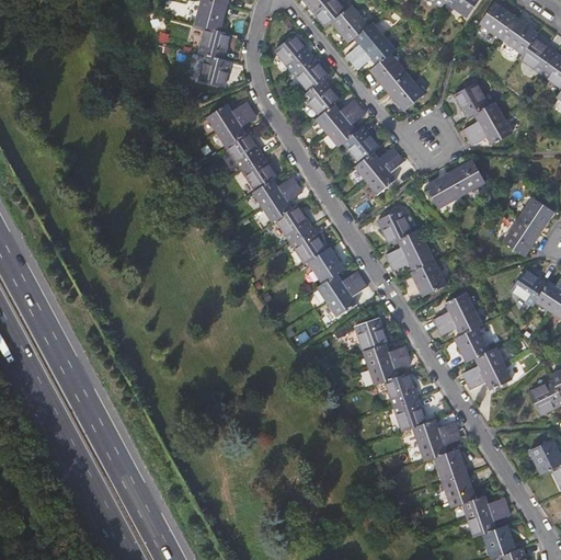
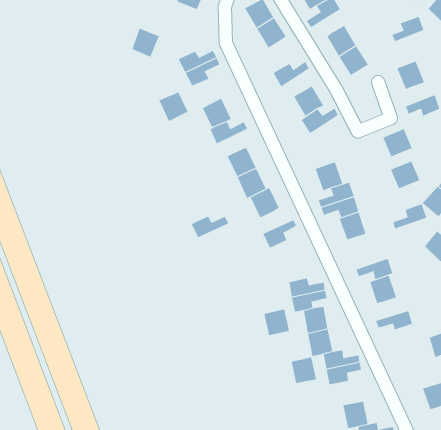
building: [353,36,394,68] -> none
building: [201,54,230,85] -> [131,28,159,57]
building: [304,79,339,115] -> none
building: [466,103,502,136] -> [391,16,424,42]
building: [328,107,364,146] -> none
building: [228,132,263,168] -> [159,91,188,122]
building: [367,156,402,193] -> none
building: [426,174,461,208] -> [390,161,420,189]
building: [264,184,301,220] -> none
building: [319,272,362,300] -> [191,216,229,238]
building: [435,294,473,327] -> [393,203,427,229]
building: [356,318,388,351] -> [264,309,290,336]
building: [463,348,504,381] -> none
building: [435,448,467,481] -> [291,356,317,384]

